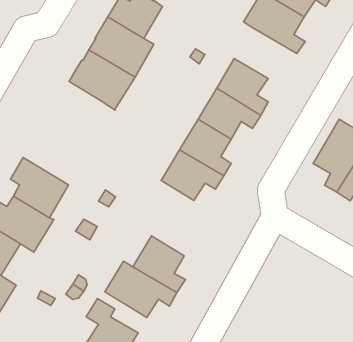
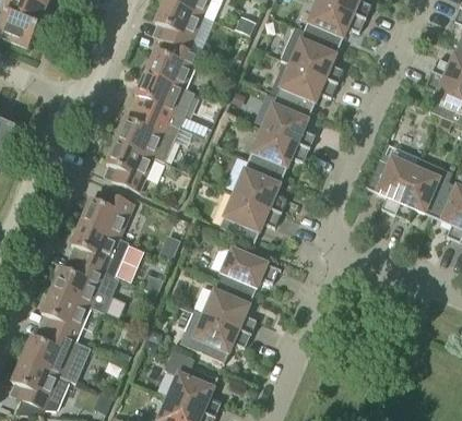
building: none -> [275,62,336,110]
building: none -> [106,140,154,191]
building: none -> [81,190,133,237]
building: none -> [217,246,279,296]

